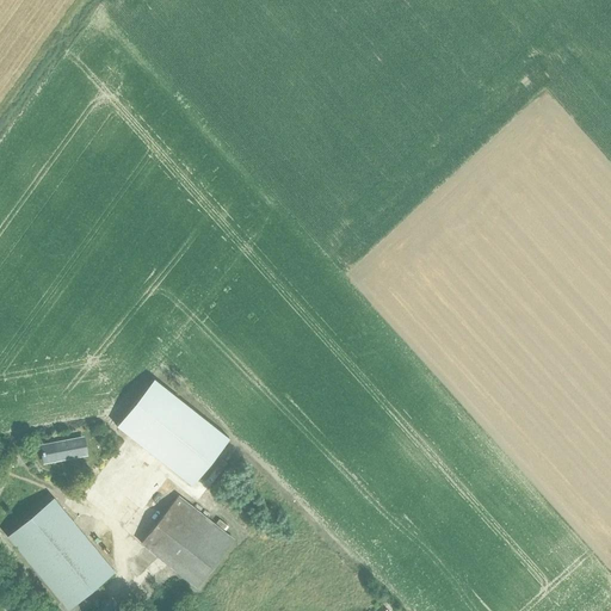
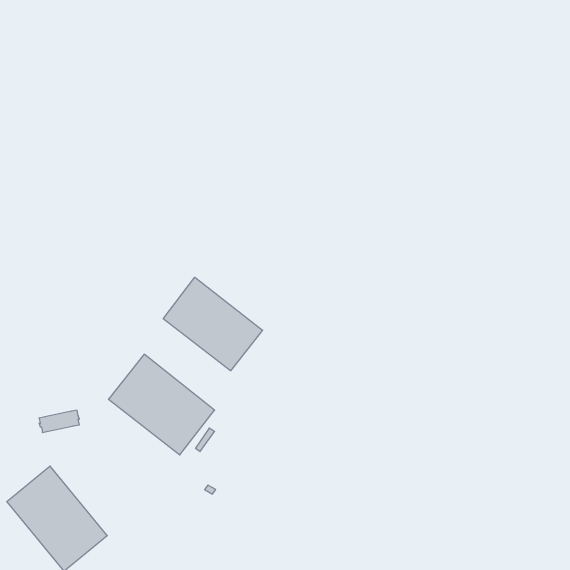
building: none -> [163,277,263,371]
building: [141,498,235,588] -> none

